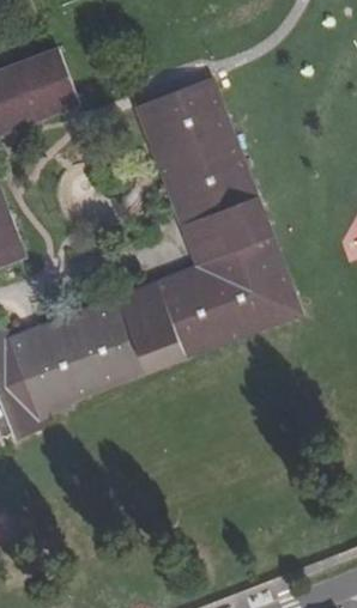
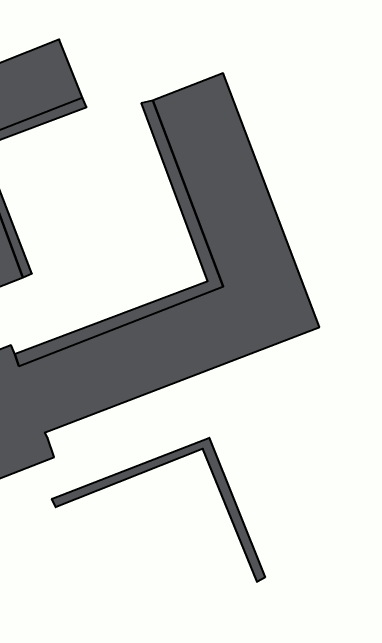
building: [43,73,302,409] -> none
building: none -> [52,438,265,582]

